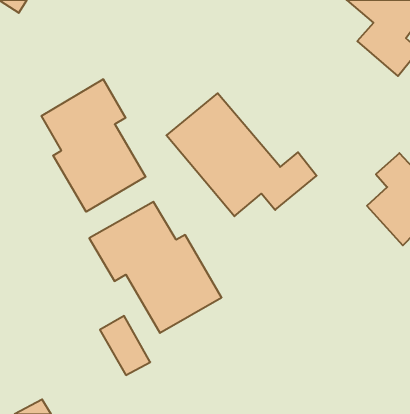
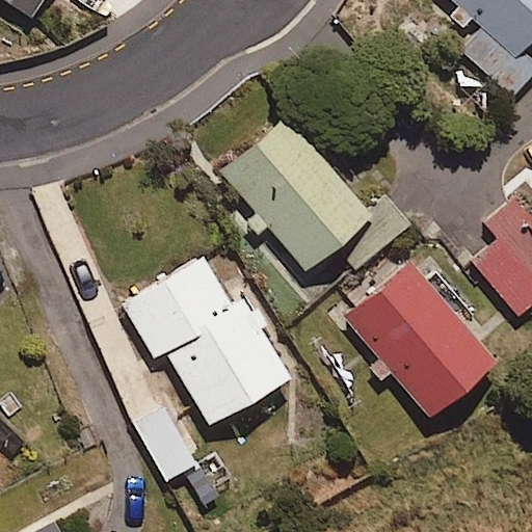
building: [42,79,146,212] -> none
building: none -> [344,254,493,407]

